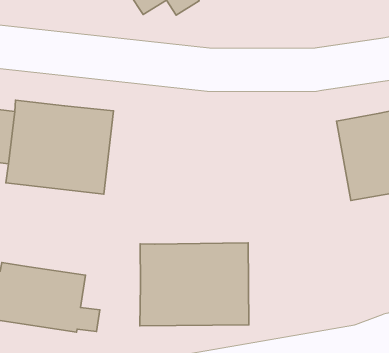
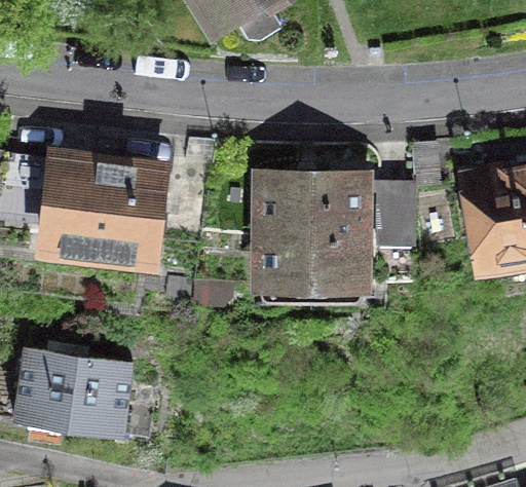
building: none -> [251,170,419,290]
building: [140,243,249,326] -> none

